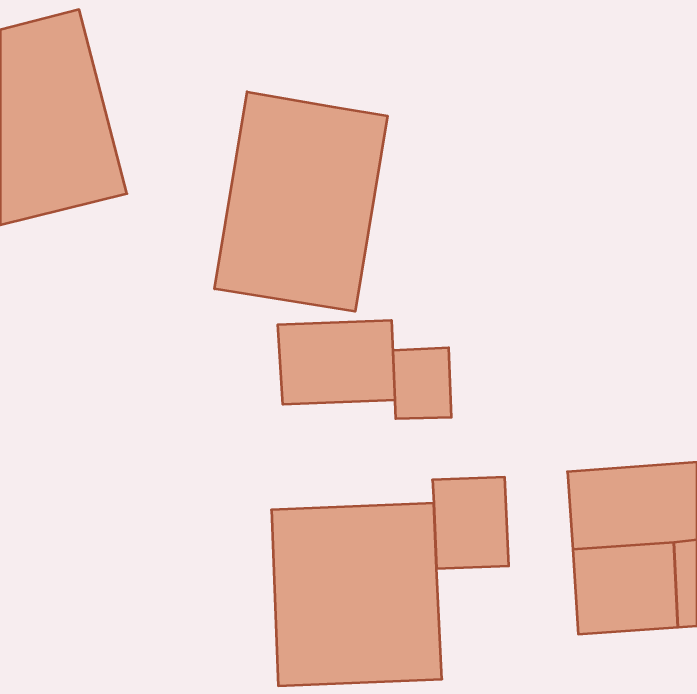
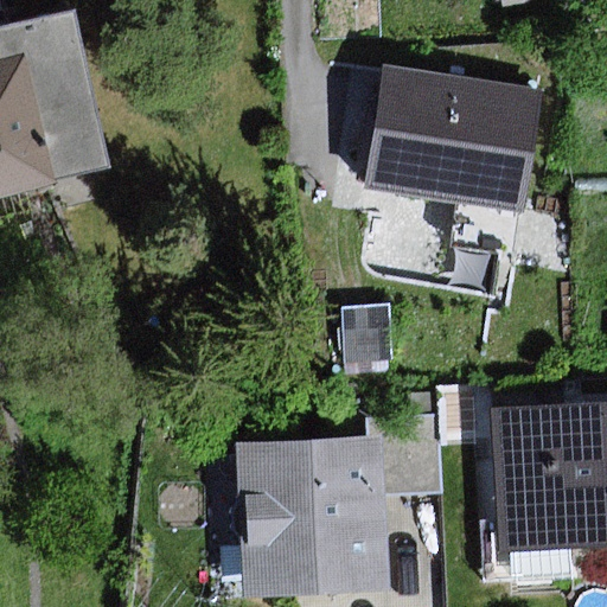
building: none -> [366,64,545,212]
building: [215,92,387,311] -> none
building: [278,320,395,404] -> none

